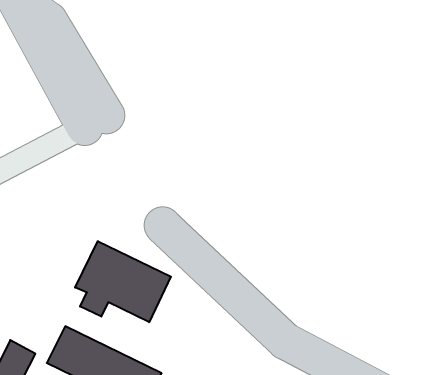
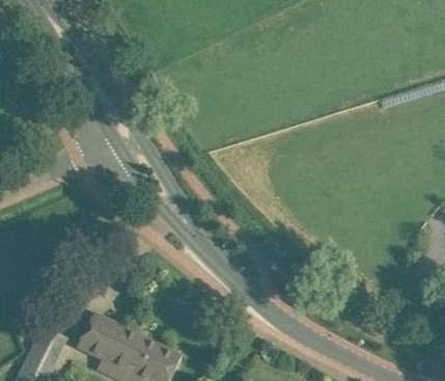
building: [75,241,171,322] -> none

